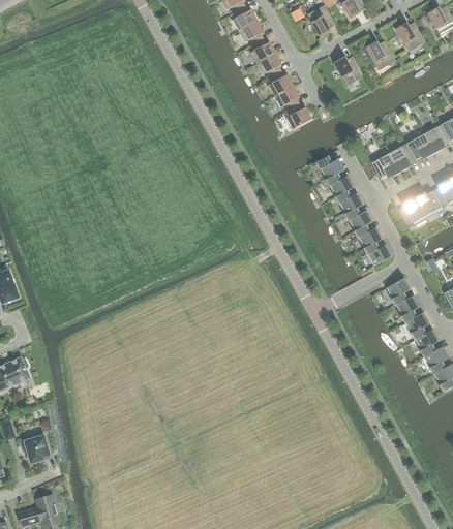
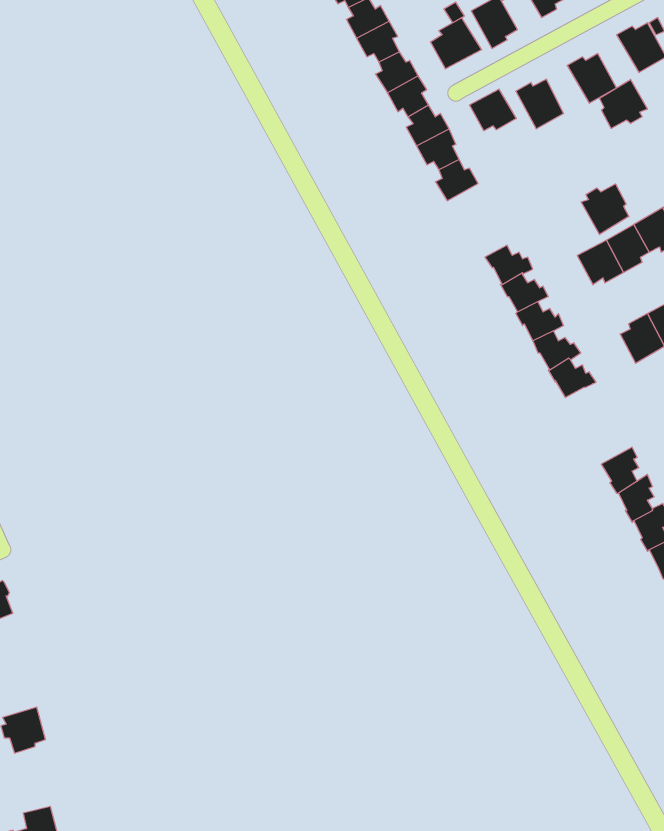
building: none -> [430,18,482,69]
building: none -> [599,79,647,128]
building: none -> [470,89,516,131]
building: none -> [581,184,629,235]
building: [363,240,392,266] -> none

